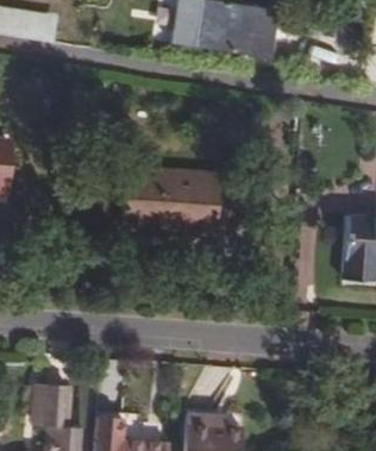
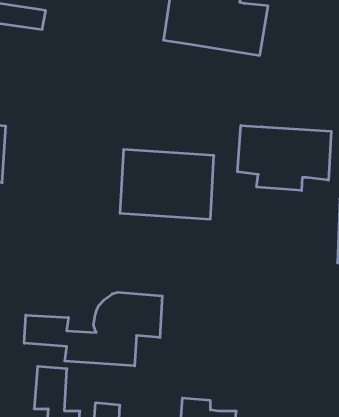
building: none -> [238,125,331,191]
building: none -> [24,292,162,366]

